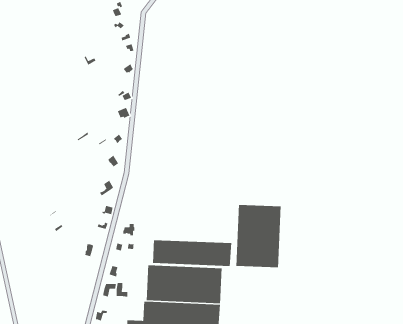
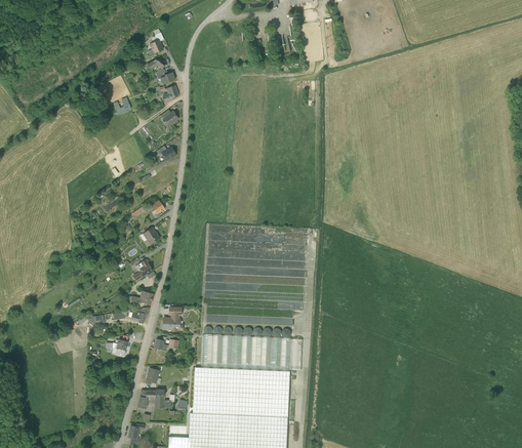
building: [236,204,281,268] -> none

